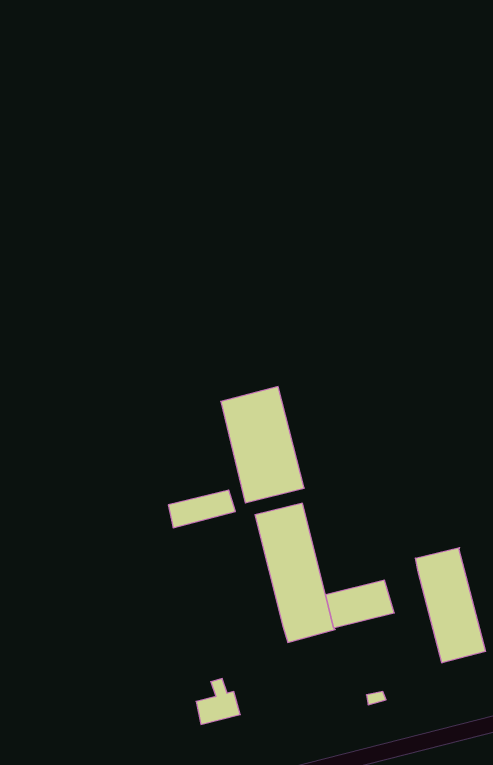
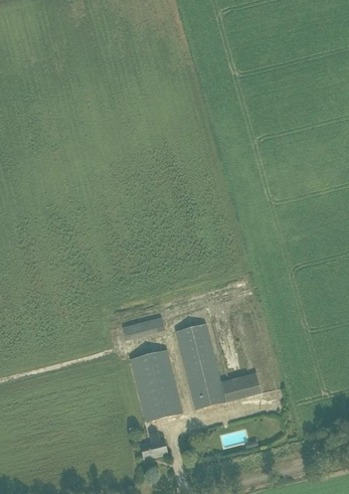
building: [221,387,304,503] -> [131,350,182,422]
building: [415,548,486,663] -> none

